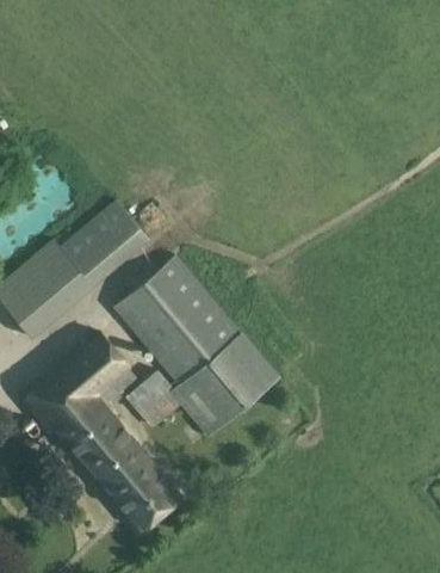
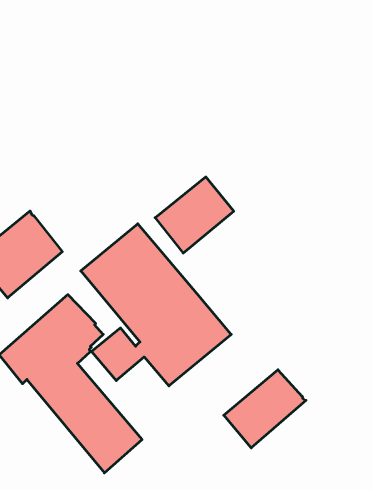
building: [61,201,148,285] -> [155,177,234,253]
building: none -> [224,370,306,448]

